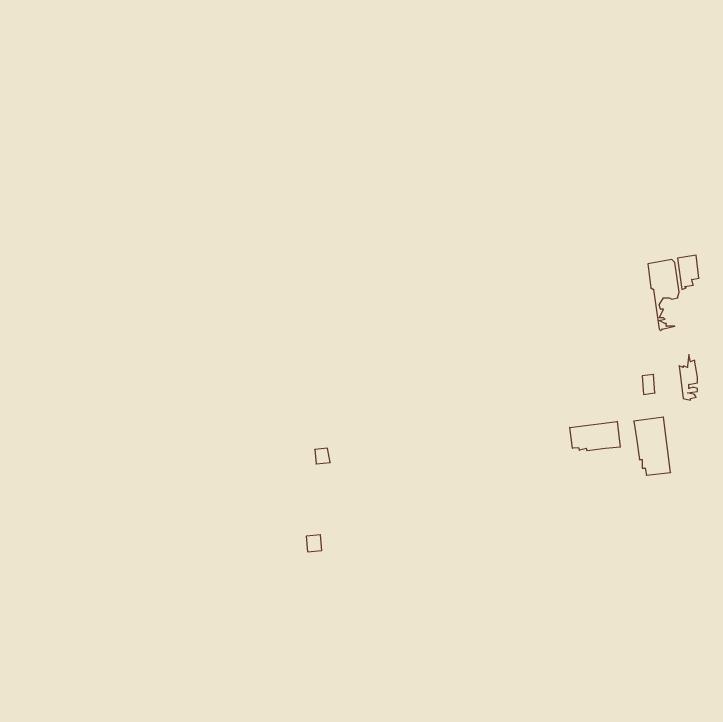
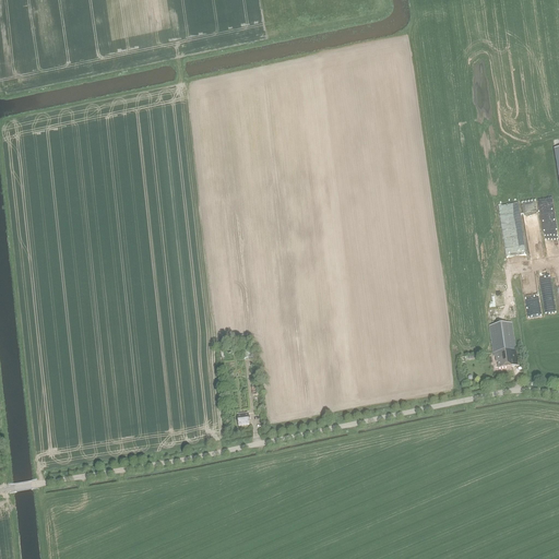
building: [570,421,620,451] -> none

